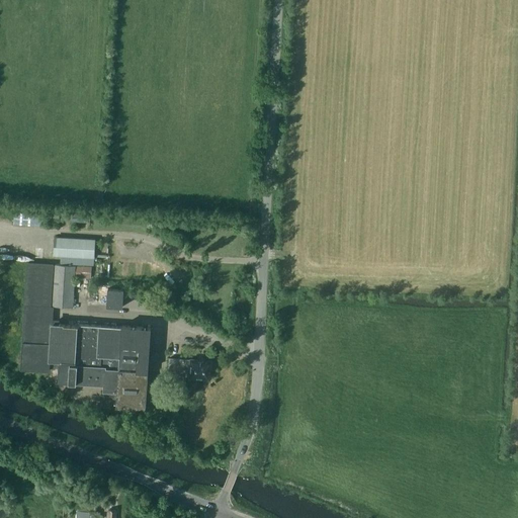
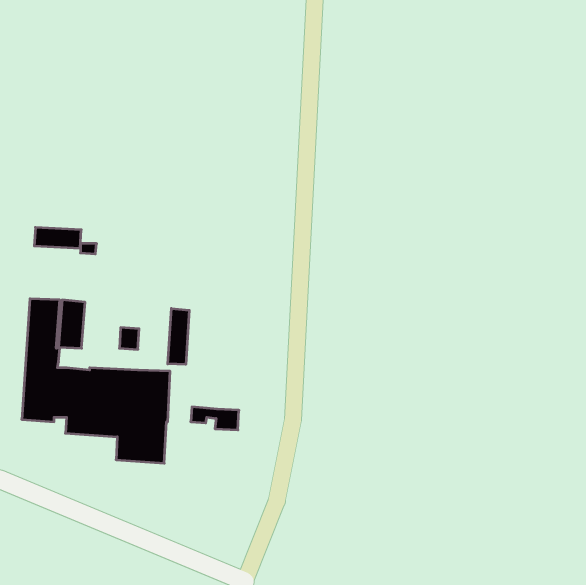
building: [53,241,94,259] -> [34,227,81,248]
building: none -> [168,308,189,364]

